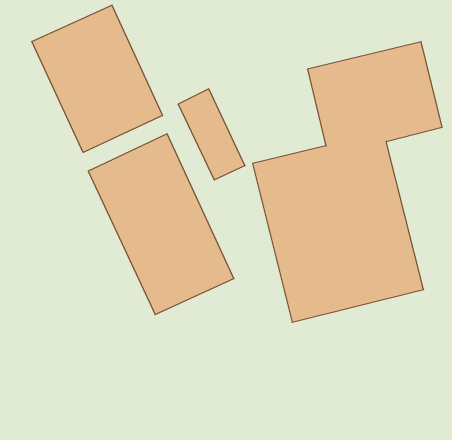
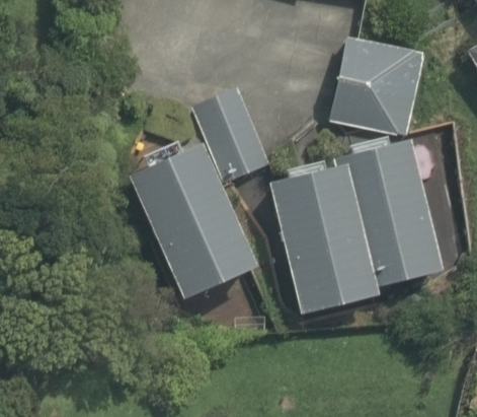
building: [32,5,162,152] -> none

